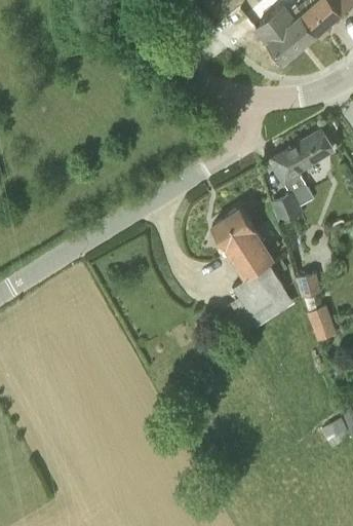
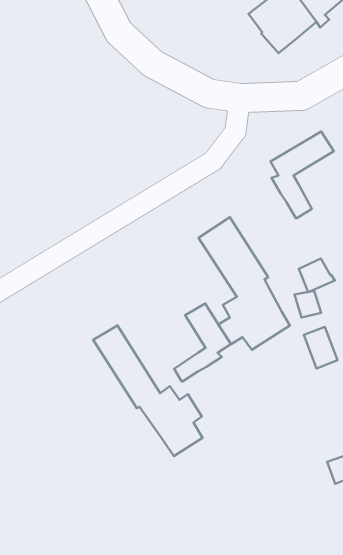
building: [271,194,303,224] -> [299,259,335,292]
building: none -> [174,304,231,381]
building: none -> [93,325,203,456]

